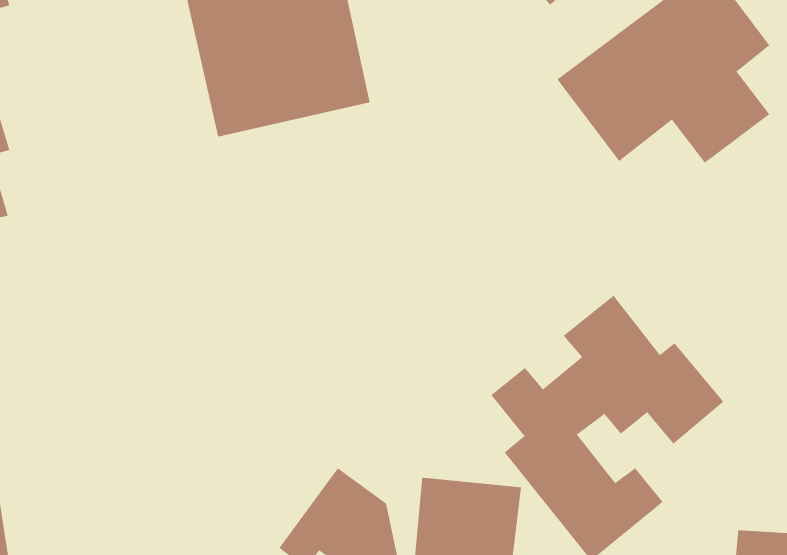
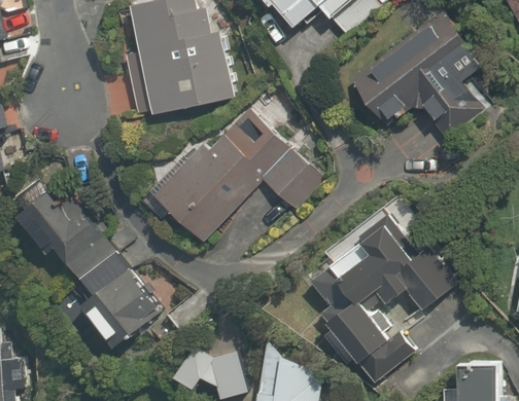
building: none -> [147,100,319,244]
building: none -> [12,190,164,345]

